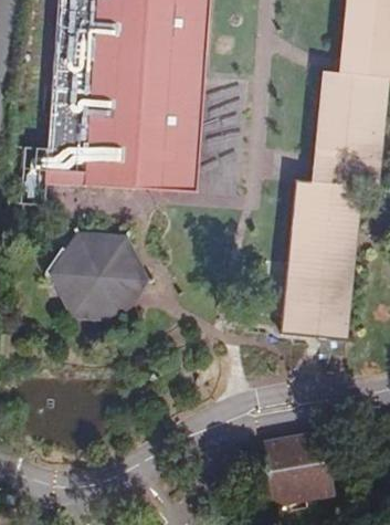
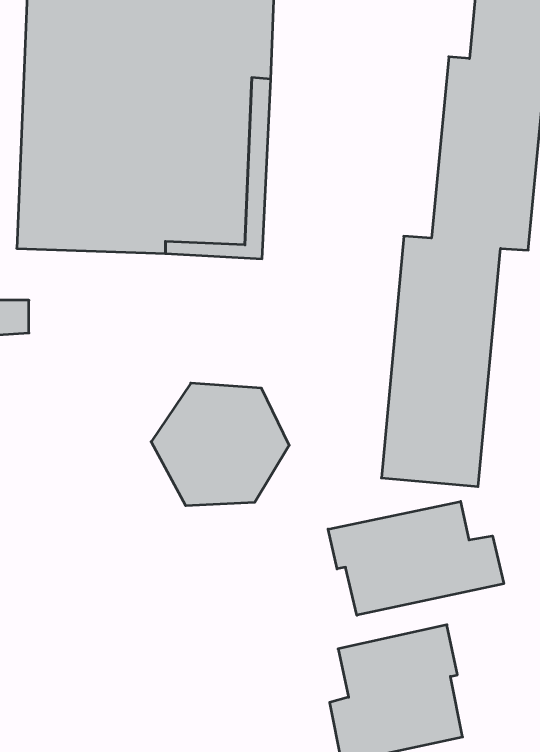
building: [55,234,144,313] -> [151,383,289,506]
building: none -> [328,501,504,615]

